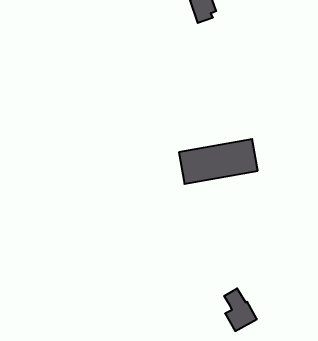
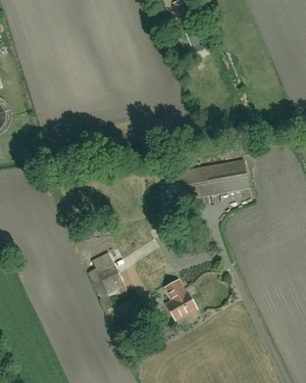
building: none -> [92,251,125,293]
building: [224,288,257,331] -> [165,279,196,319]

